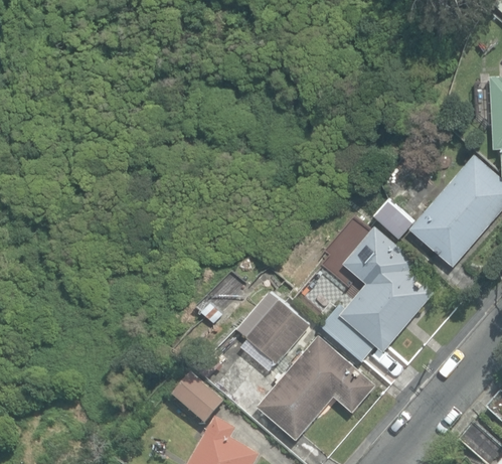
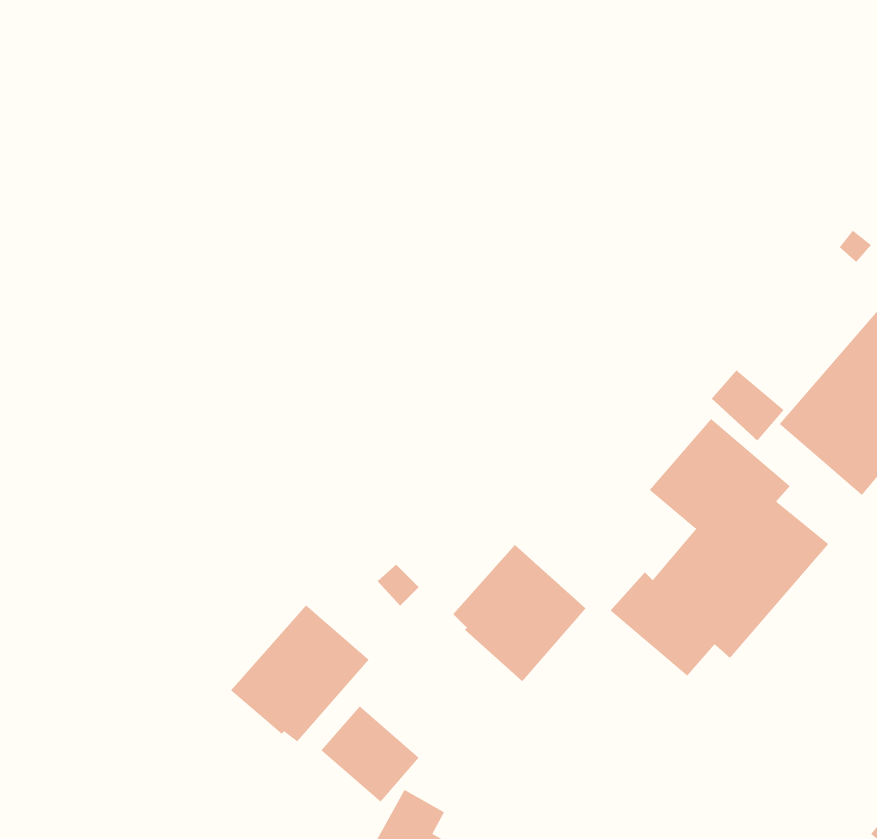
building: none -> [230,605,369,742]
building: [259,334,375,437] -> none

